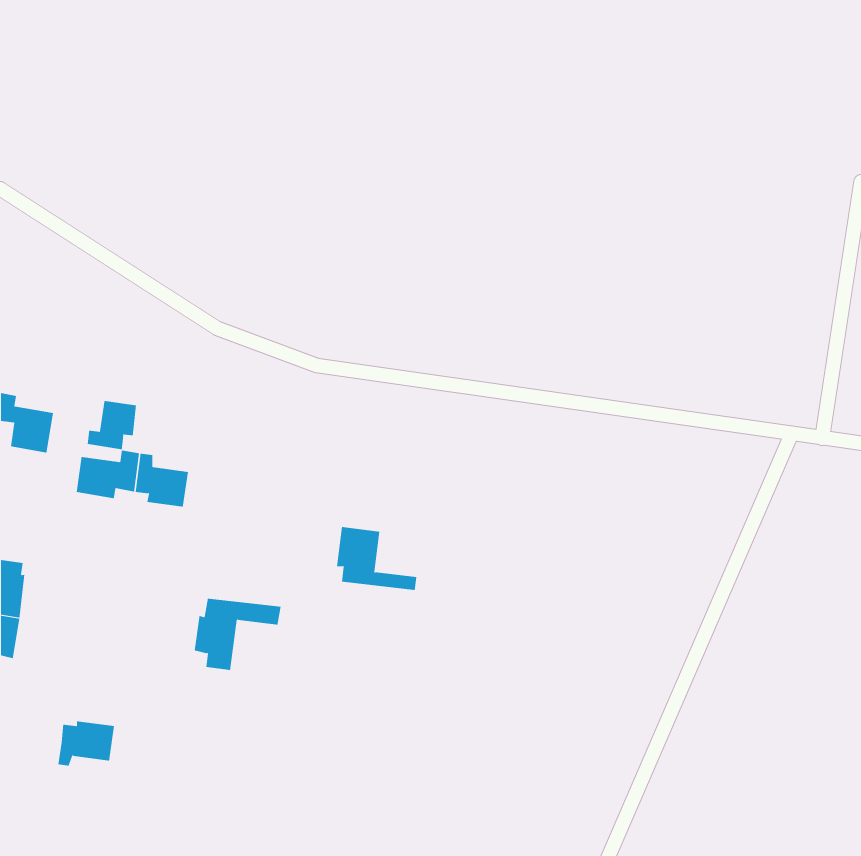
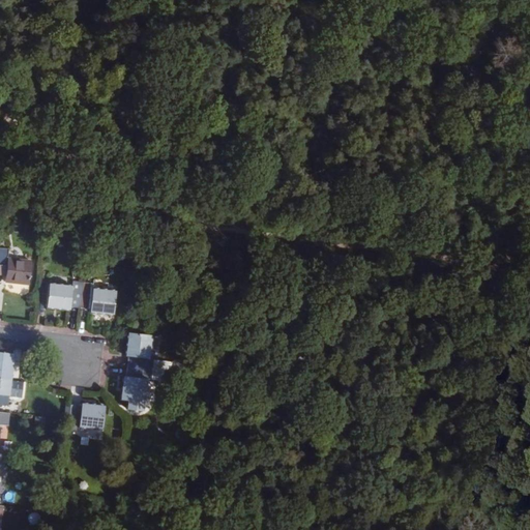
building: [87,400,136,450] -> none
building: [336,526,417,590] -> [124,336,174,376]
building: [58,721,115,766] -> [69,408,105,436]

